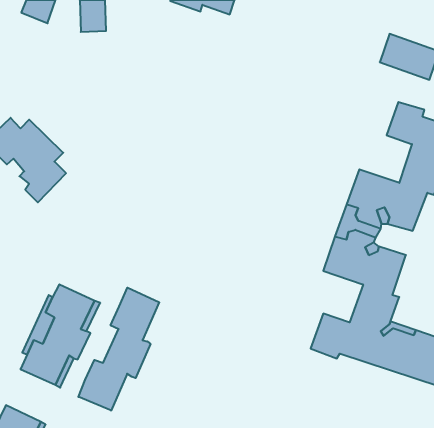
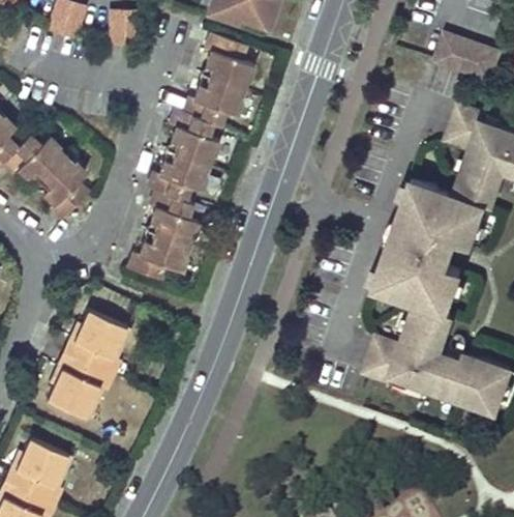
building: none -> [123,26,254,282]
building: [78,288,159,411] -> none

